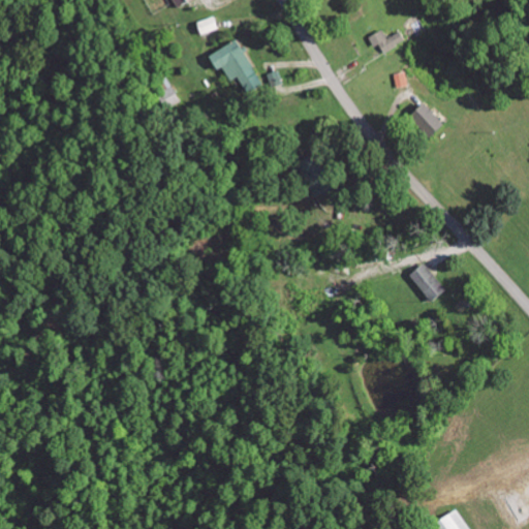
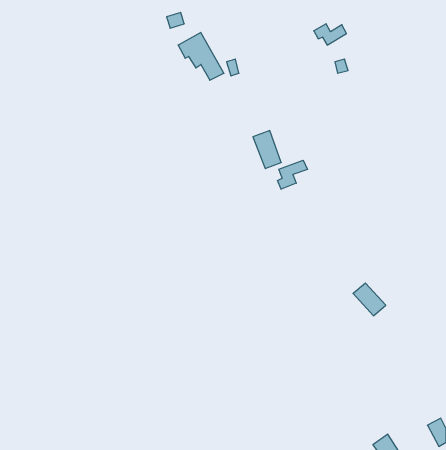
building: [411,102,445,137] -> none
building: none -> [278,160,307,189]
building: [407,263,445,302] -> [353,283,386,316]

